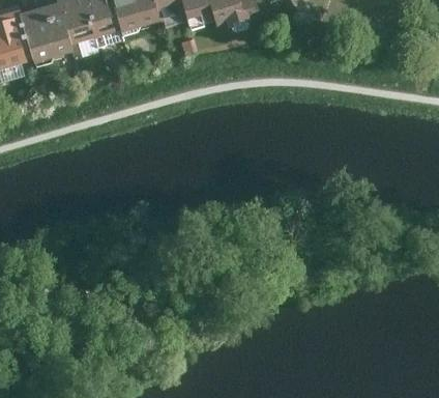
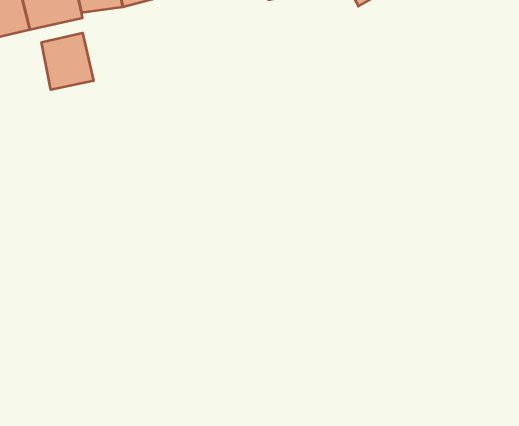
building: none -> [42,33,93,90]

